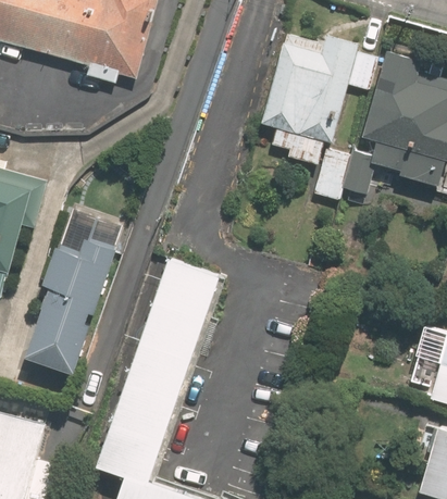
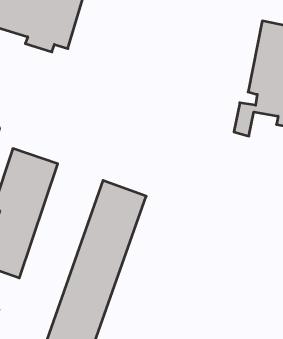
building: [264,24,378,201] -> none

